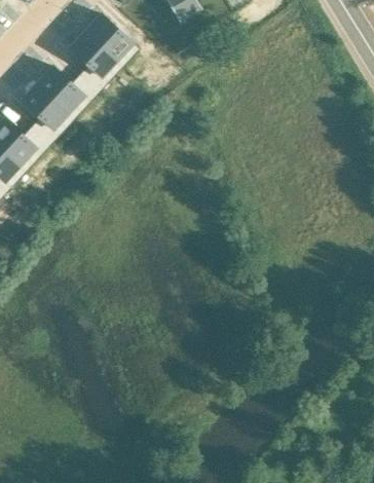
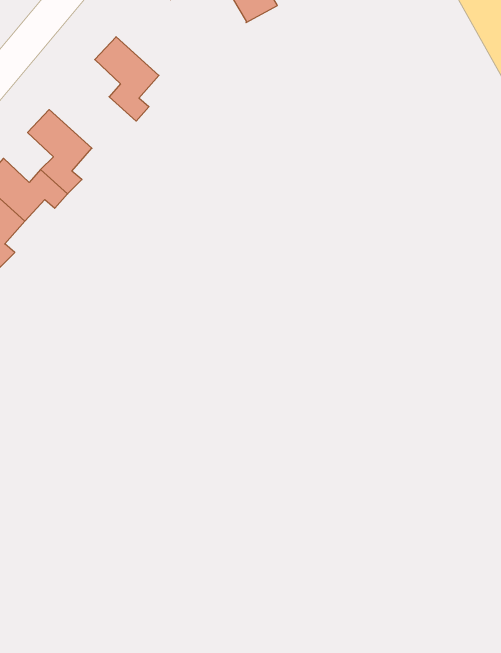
building: [85,13,148,59] -> none
building: [37,66,100,111] -> none

